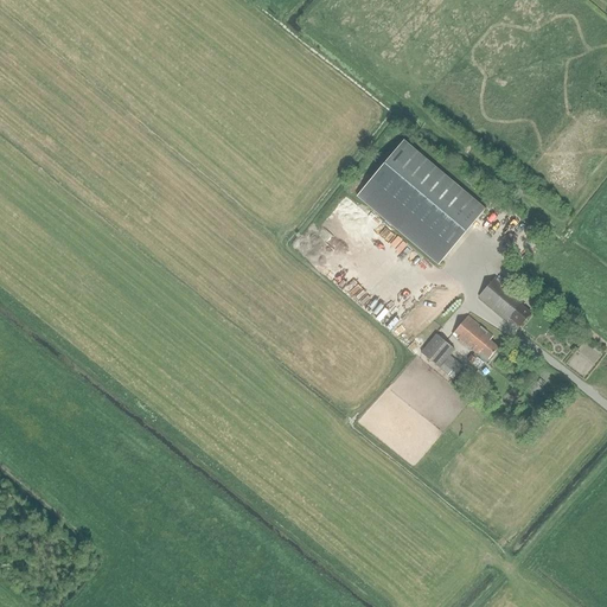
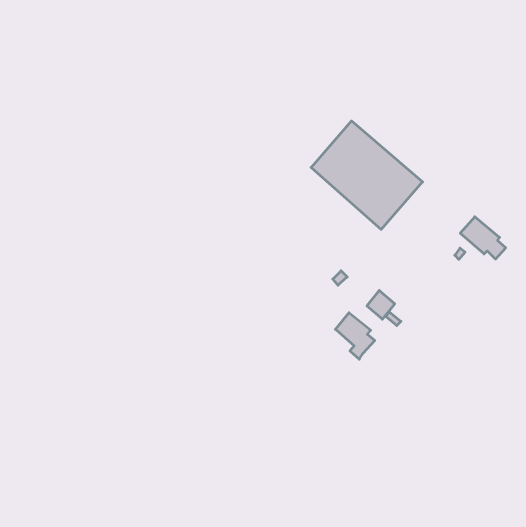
building: [477,277,529,326] -> [460,217,506,259]
building: [451,315,496,369] -> [335,313,375,359]

